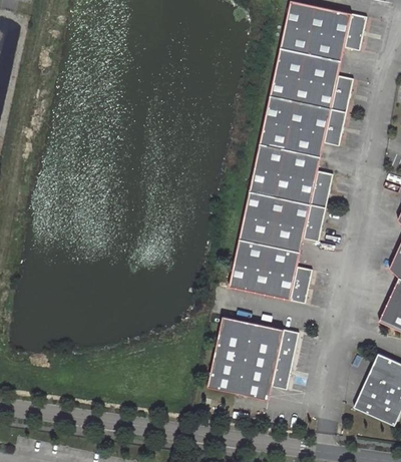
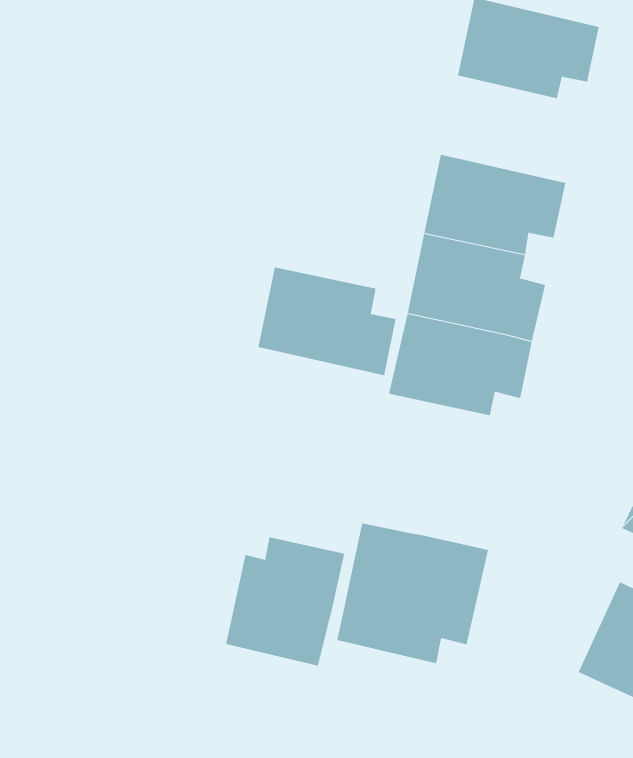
building: [270,49,352,113] -> none
building: [229,240,312,305] -> [257,267,396,376]
building: none -> [226,536,345,667]

